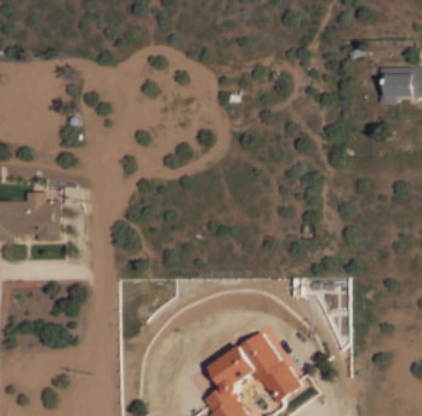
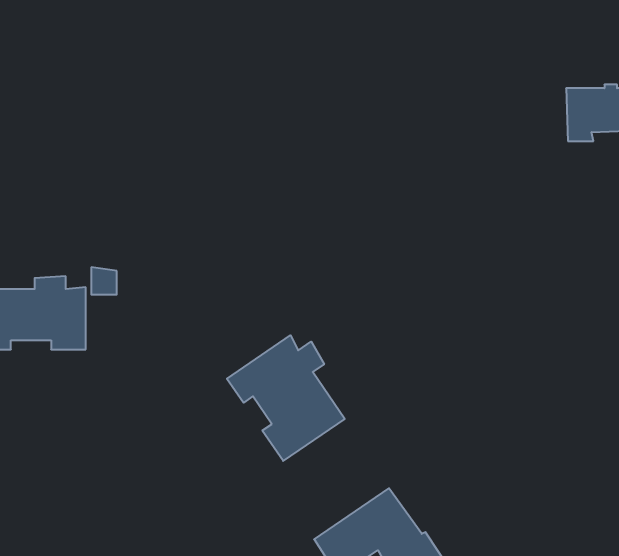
building: none -> [227,335,345,461]

